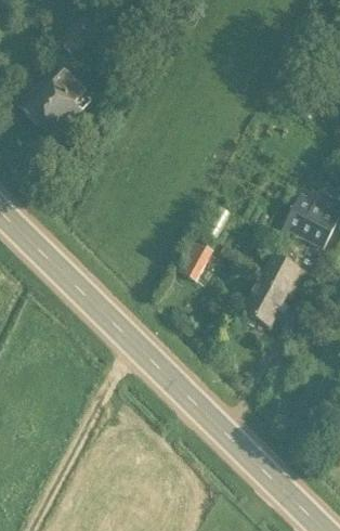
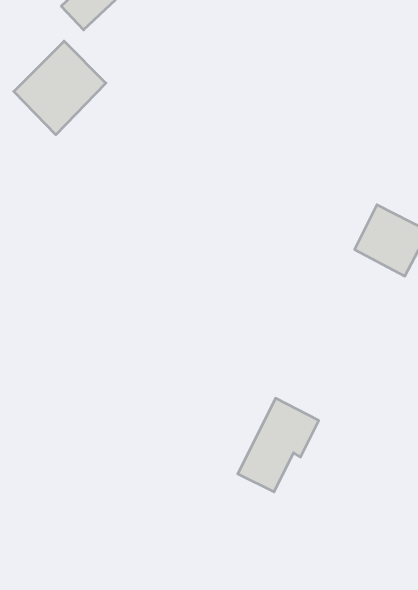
building: [179,236,214,277] -> none
building: [244,251,306,324] -> [238,398,319,492]

